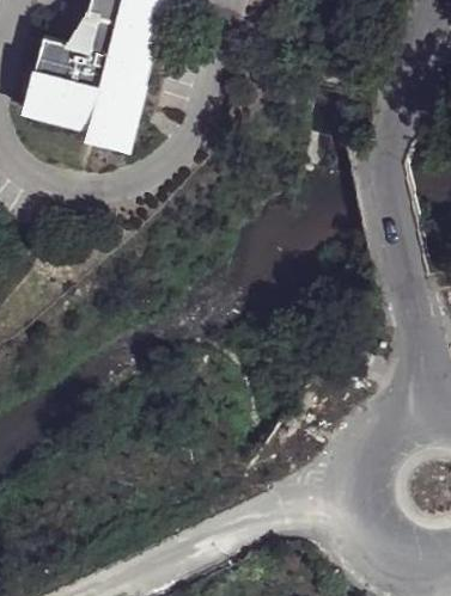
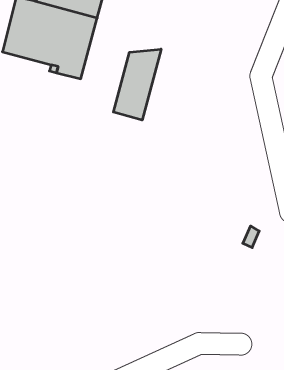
building: none -> [113,49,161,120]

